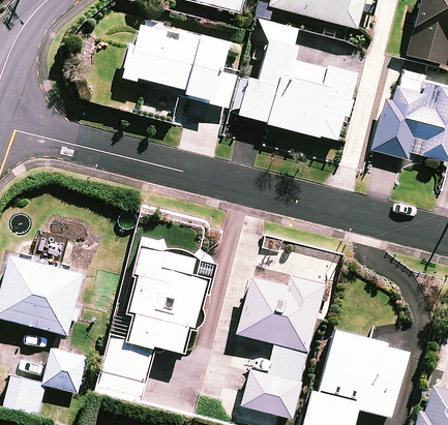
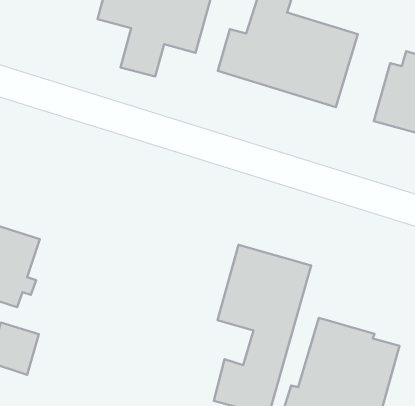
building: [100,232,217,402] -> none

